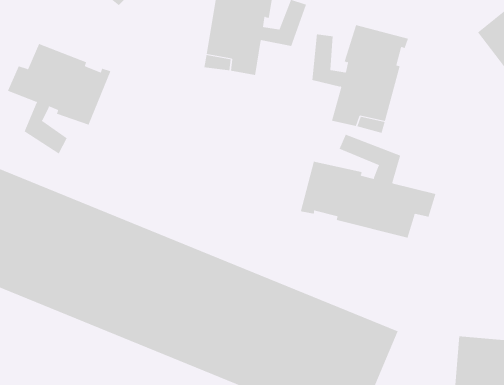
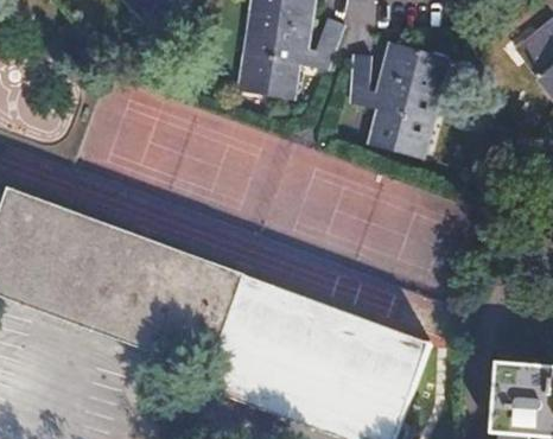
building: [7,43,111,154] -> none
building: [300,134,436,238] -> none

